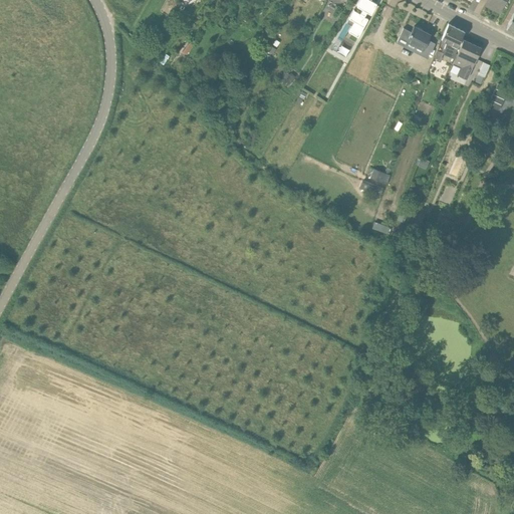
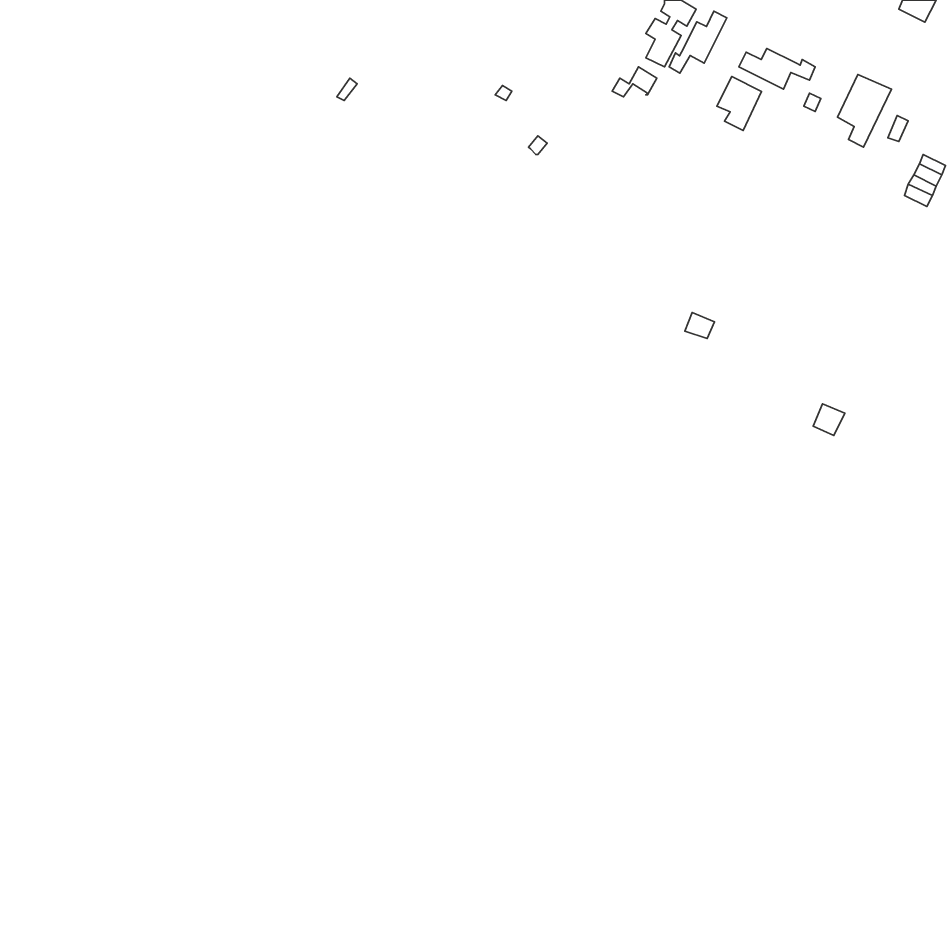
building: none -> [669,11,727,73]
building: [440,25,464,54] -> [717,77,762,131]

